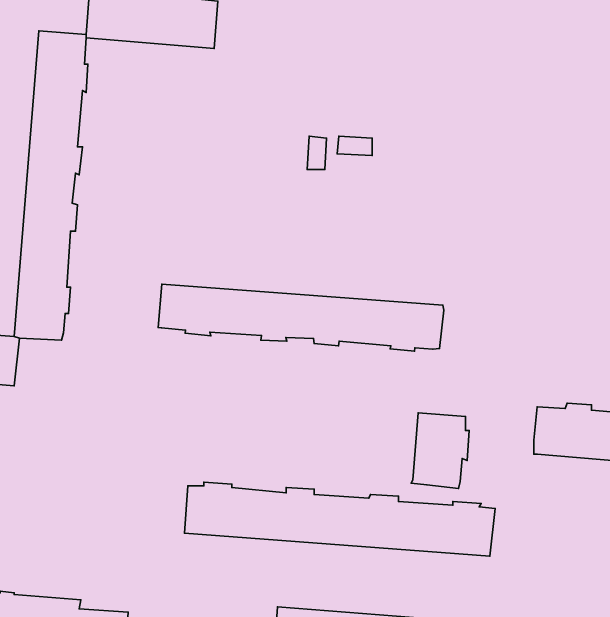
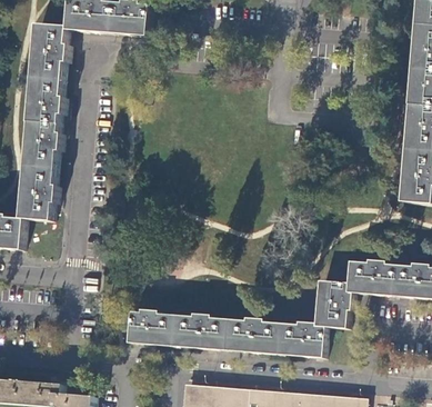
building: [158,284,444,351] -> none
building: [411,413,469,488] -> [314,281,351,329]

